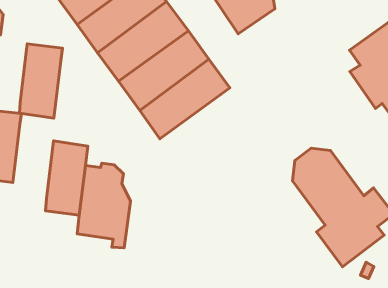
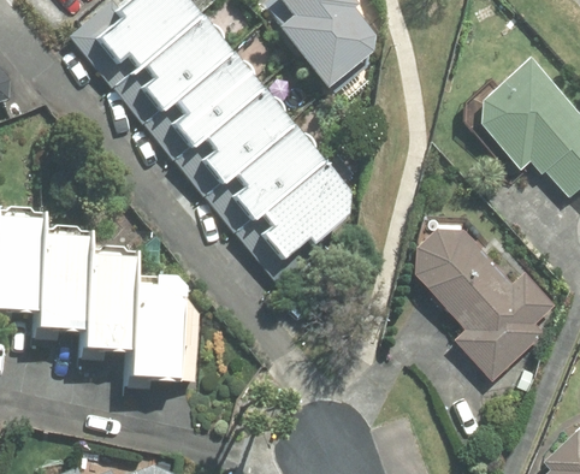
building: [19,44,63,118] -> [39,225,90,322]
building: none -> [232,155,349,289]

